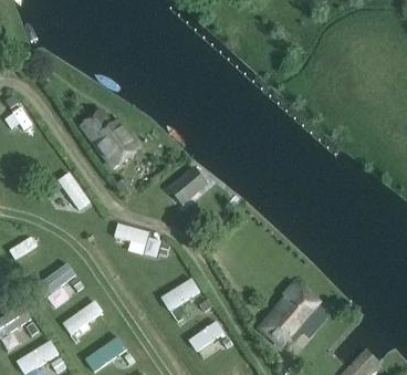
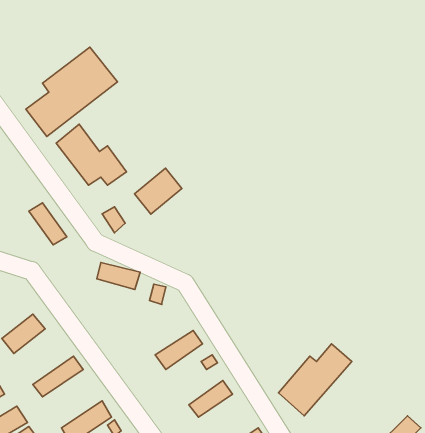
building: none -> [26,47,117,137]
building: [171,168,210,206] -> [134,168,182,214]

